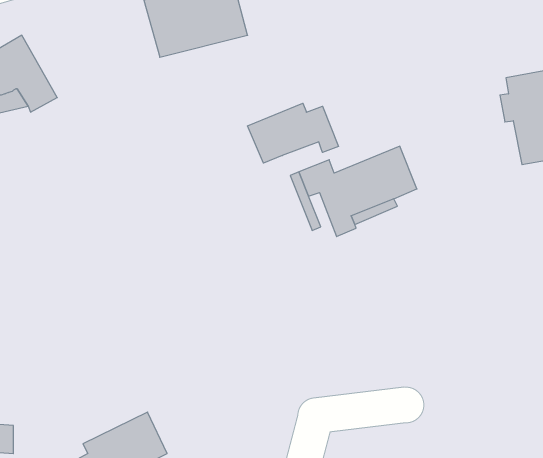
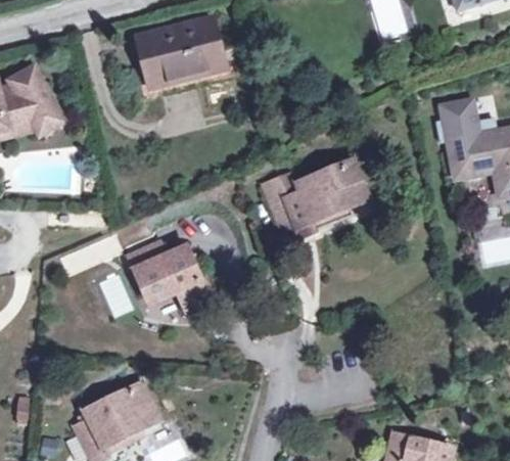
building: [248,103,339,163] -> none
building: none -> [129,240,207,307]

